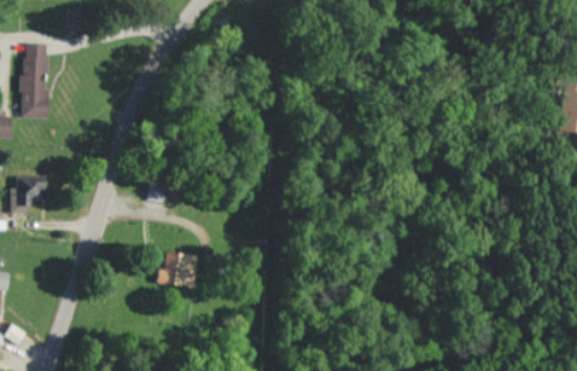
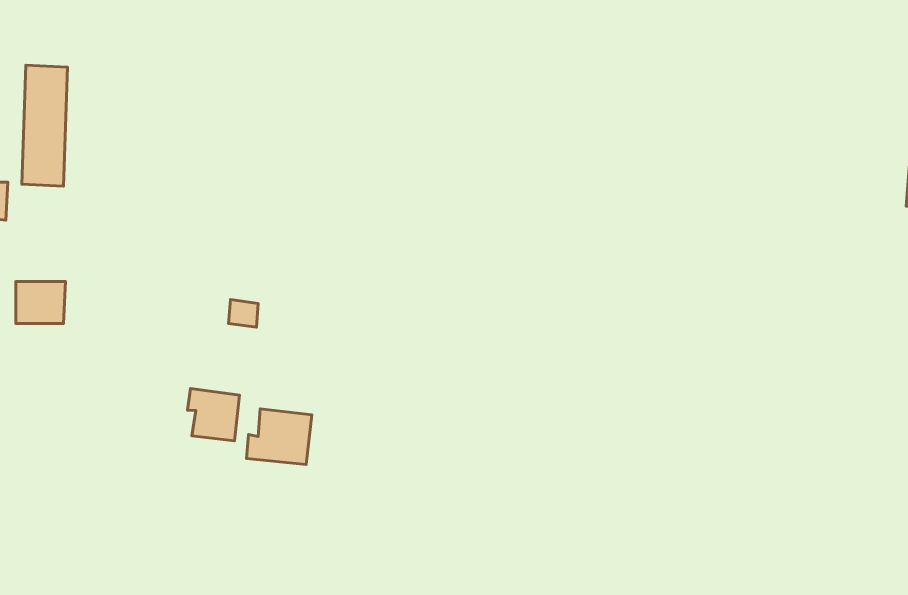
building: none -> [187,389,240,441]

